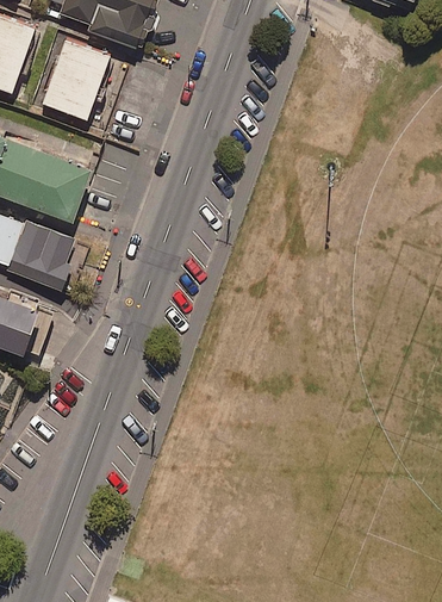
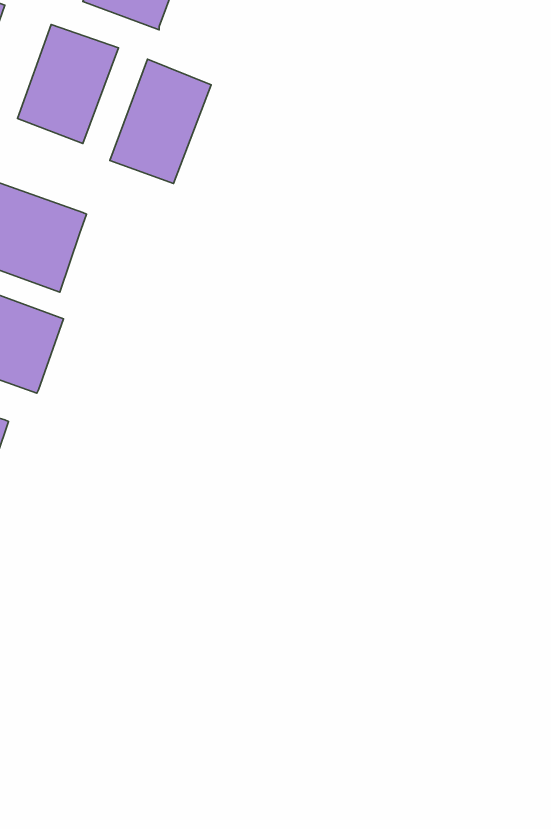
building: none -> [110,59,211,184]

